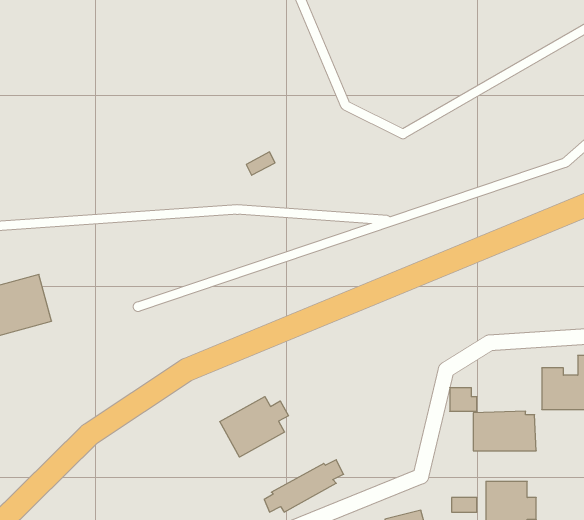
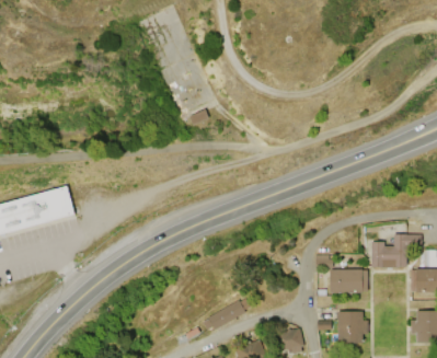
building: [220,397,288,457] -> none

